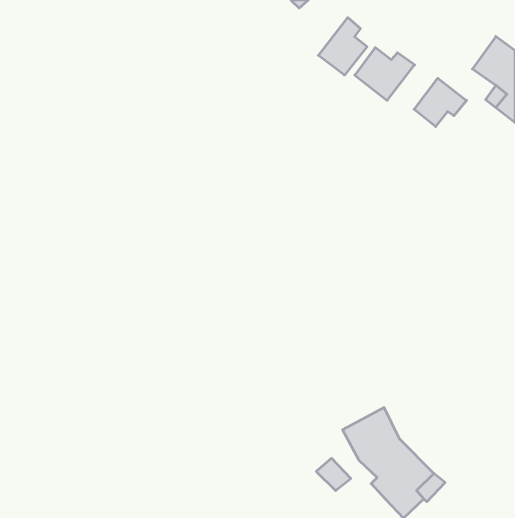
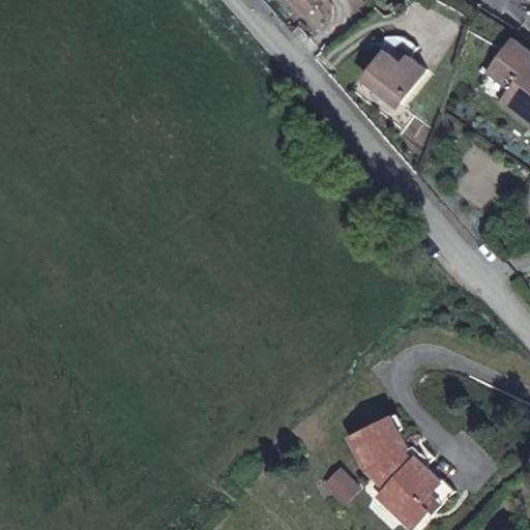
building: [318,18,367,75] -> none
building: [414,78,467,127] -> none

